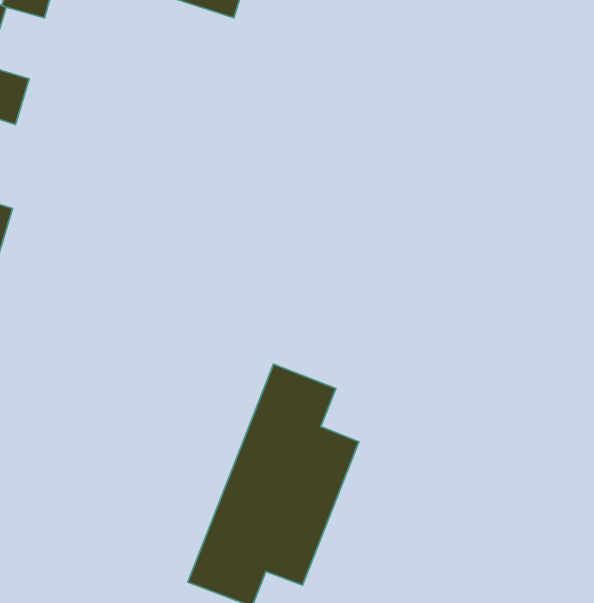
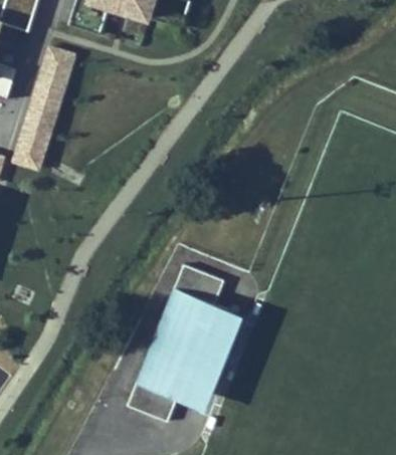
building: none -> [12,45,79,173]

